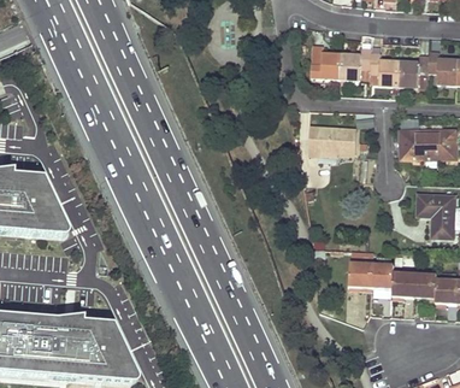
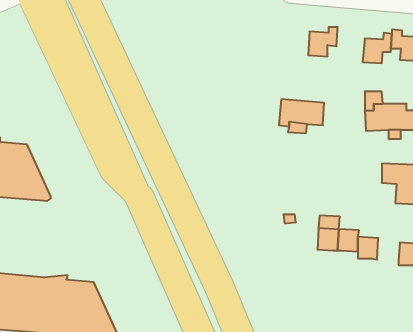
building: [312,43,342,78] -> none
building: [371,52,401,86] -> none
building: [414,274,438,298] -> none

